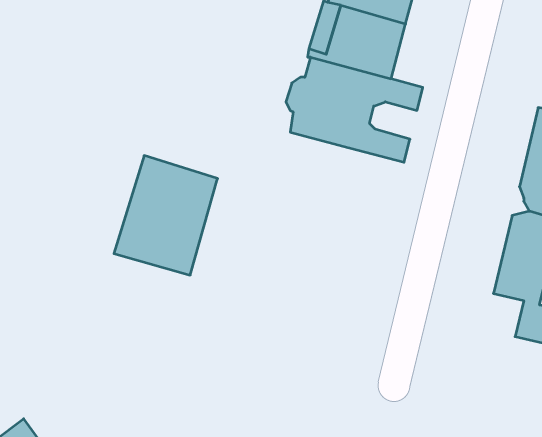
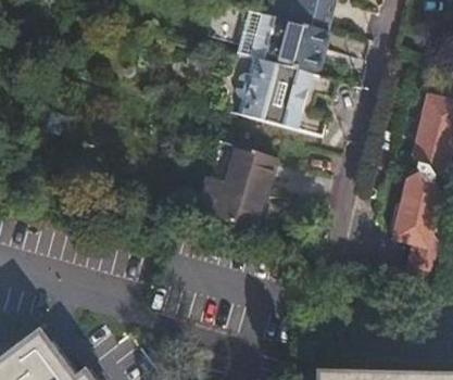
building: [114,156,218,275] -> [200,139,278,229]

